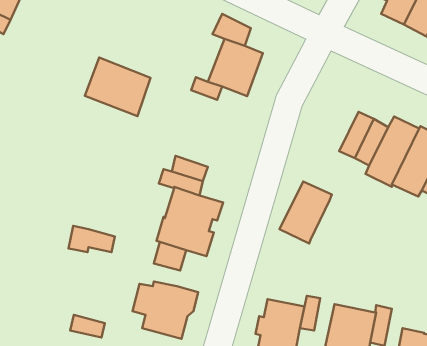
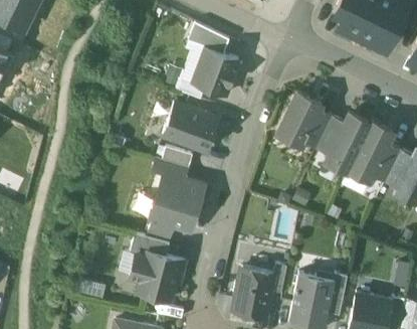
building: [85,58,151,116] -> [163,103,218,152]
building: [279,181,332,244] -> [277,94,322,146]
building: [68,226,115,252] -> [131,234,170,257]

